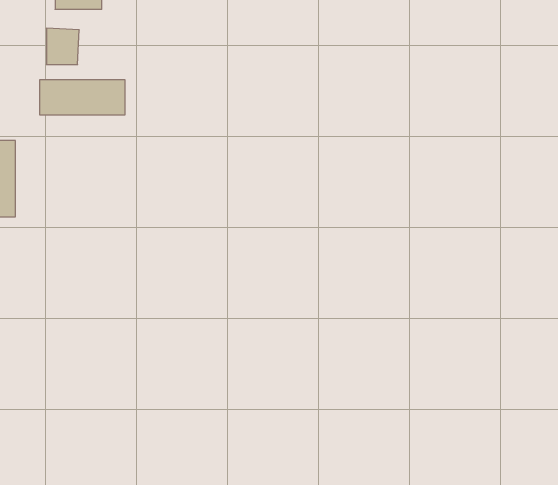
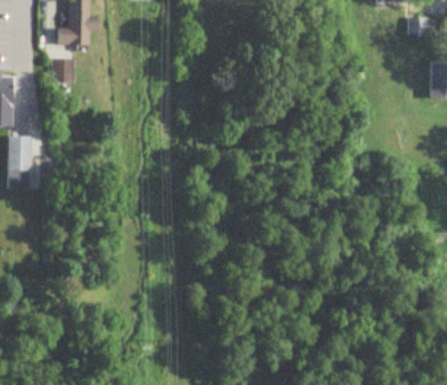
building: [40,80,125,115] -> none

